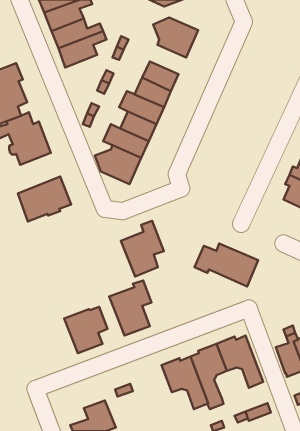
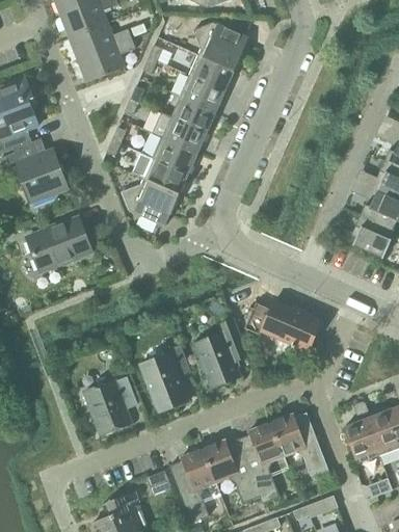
building: none -> [189,55,234,91]
building: [121,221,164,276] -> [194,319,247,388]
building: none -> [169,449,216,523]

